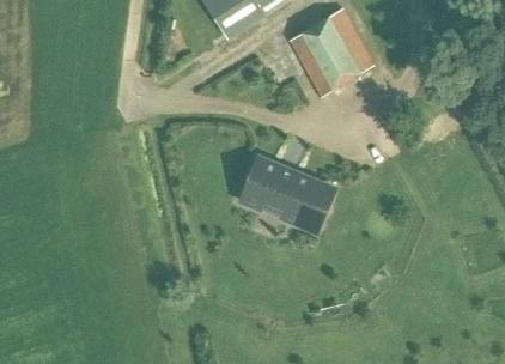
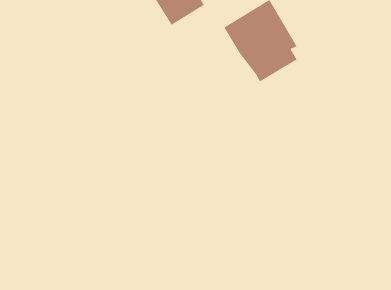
building: [238,153,323,229] -> none

